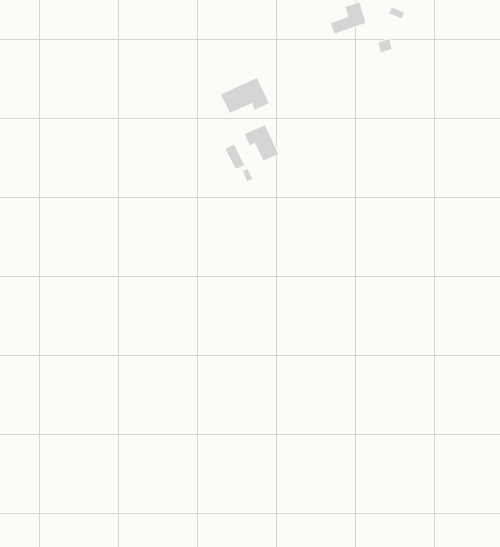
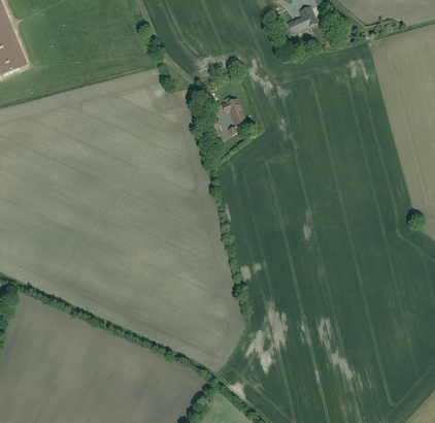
building: [220,77,270,114] -> none

